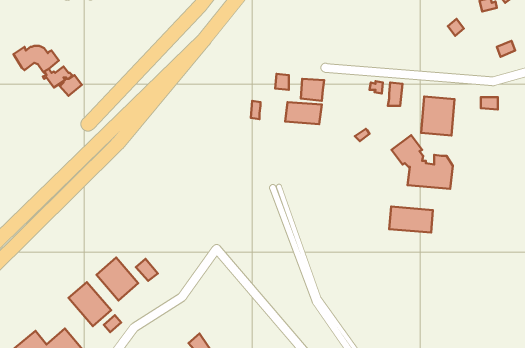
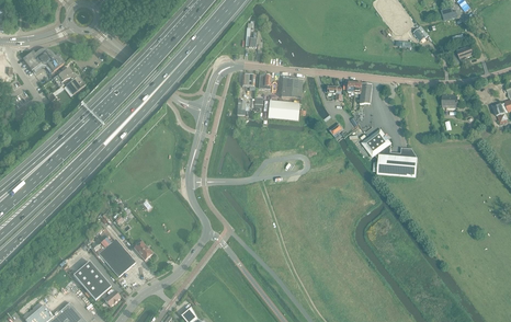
building: [421,97,455,135] -> none
building: [389,207,433,233] -> none

